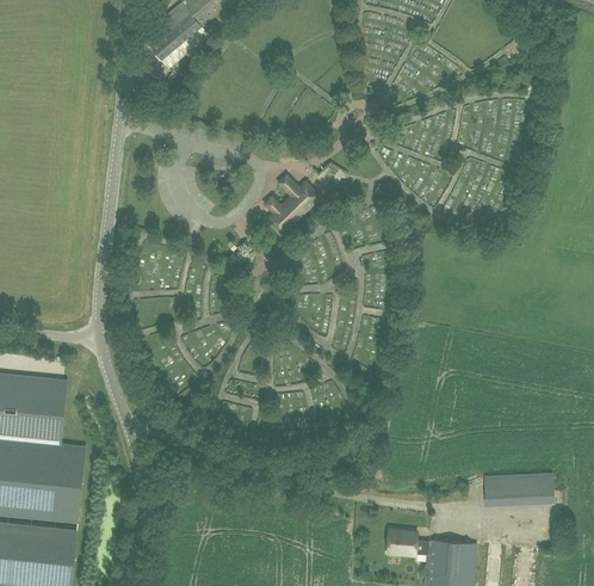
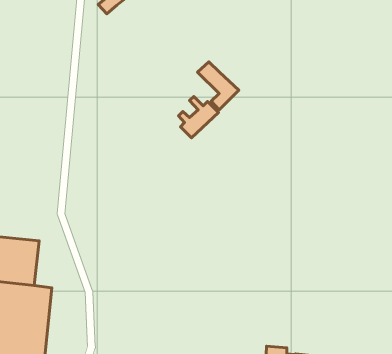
building: none -> [197,62,239,110]
building: [483,473,552,505] -> none

